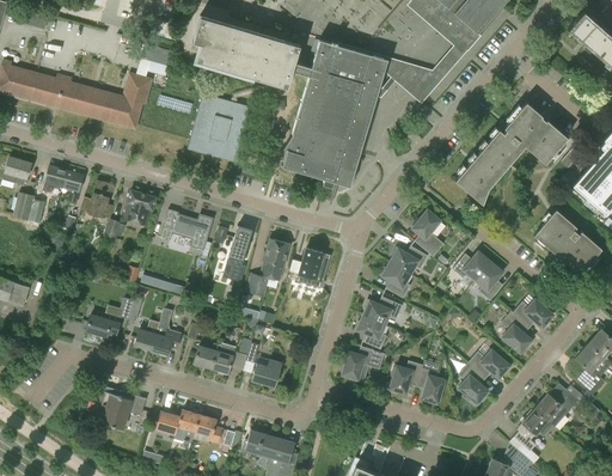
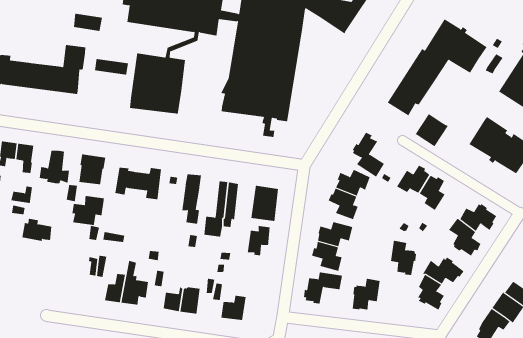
building: none -> [415,113,448,147]
building: none -> [72,195,105,226]
building: none -> [247,225,270,256]
building: [85,311,118,337] -> [22,218,52,242]
building: [416,365,445,404] -> [390,240,417,276]

